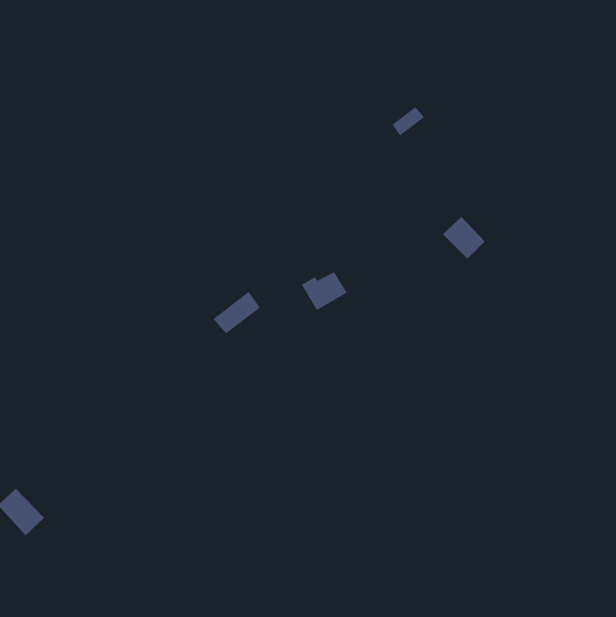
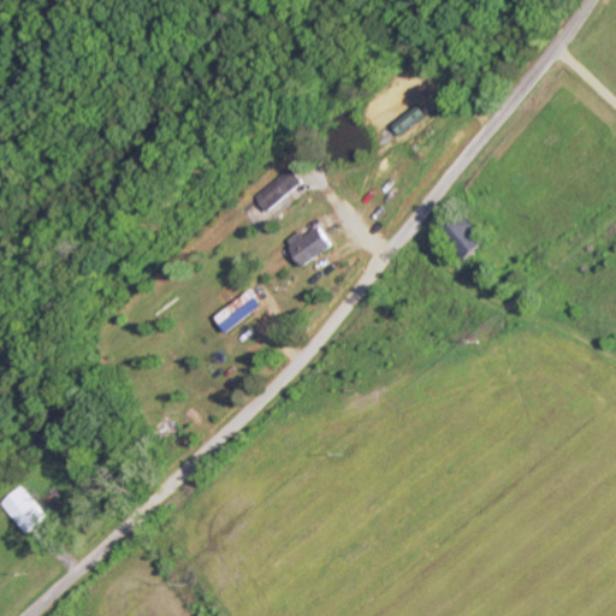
building: none -> [251,168,302,212]
building: [301,271,348,311] -> [284,227,331,267]

